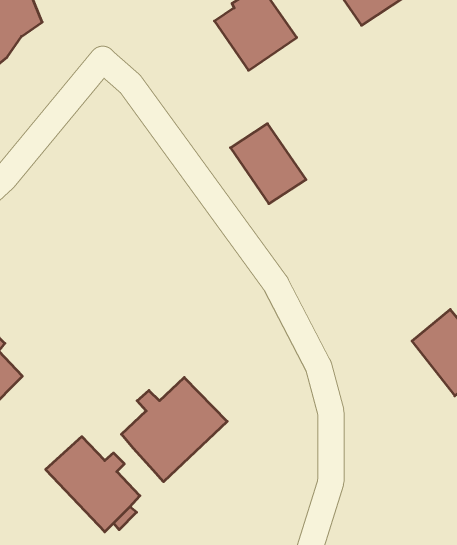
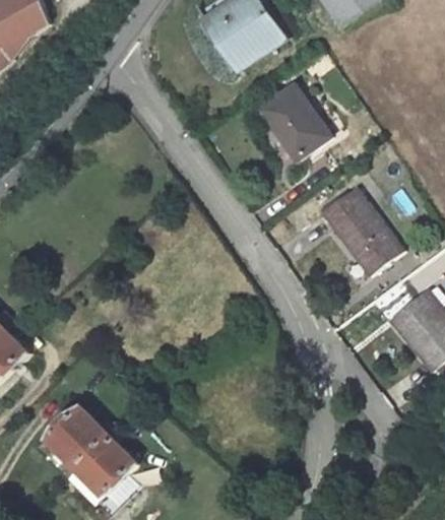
building: [230,124,306,204] -> [258,84,328,158]
building: none -> [318,186,400,275]
building: [121,377,227,482] -> none

